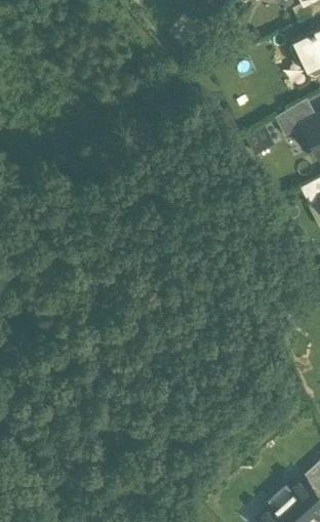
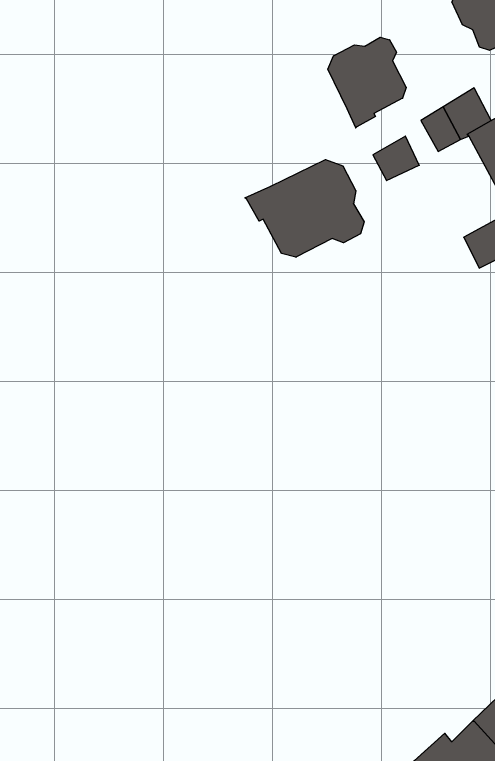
building: none -> [328,37,406,128]
building: none -> [245,160,364,257]

